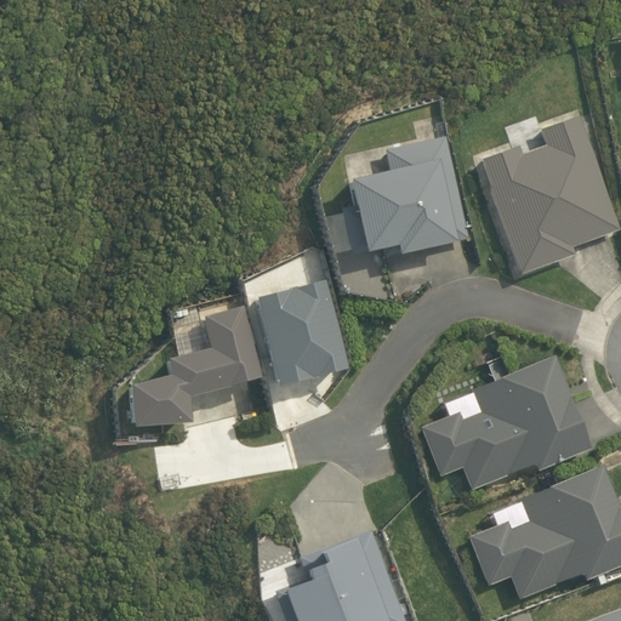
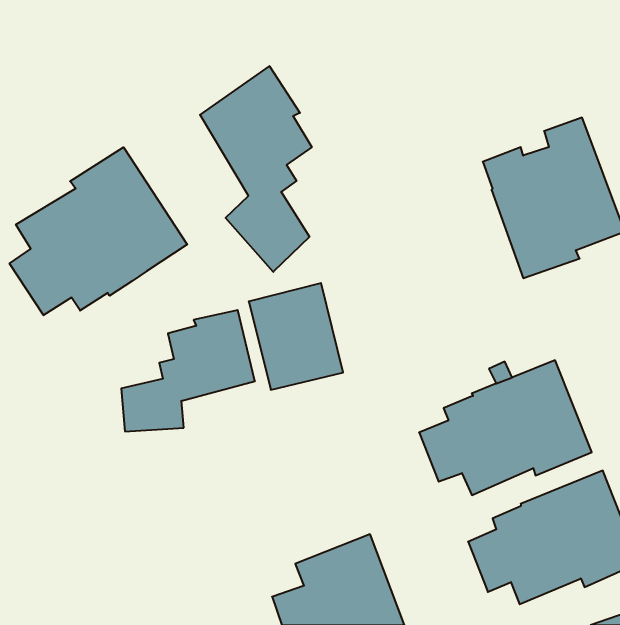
building: none -> [200,66,312,272]
building: [342,136,471,258] -> none
building: none -> [10,147,187,315]

